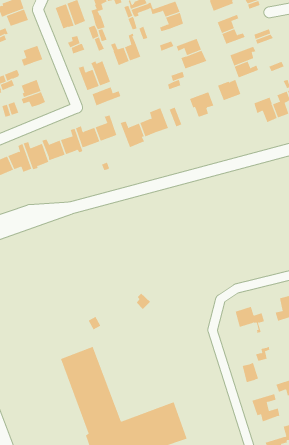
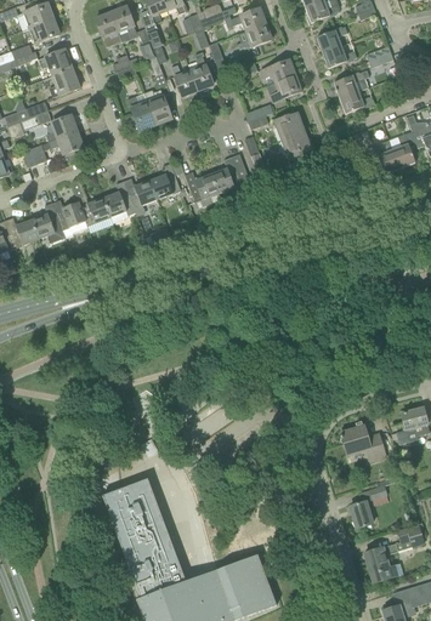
building: none -> [38,49,72,75]
building: [217,79,241,101] -> [272,110,305,141]
building: [92,86,121,106] -> none

